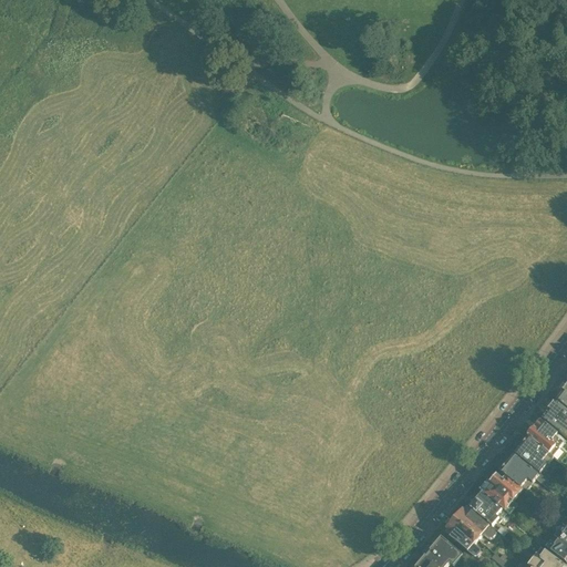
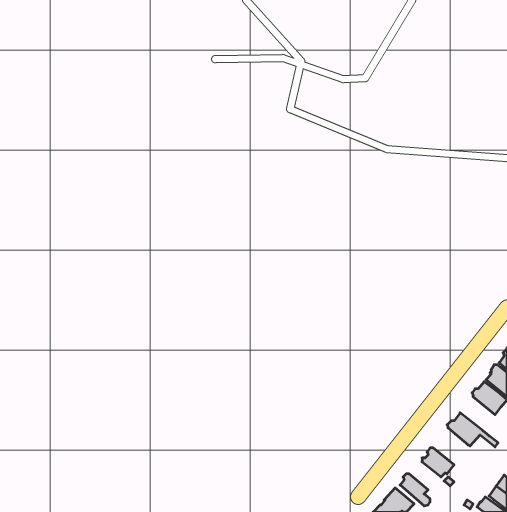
building: [511,439,549,482] -> none
building: [478,476,518,516] -> none
building: [453,511,492,542] -> none

